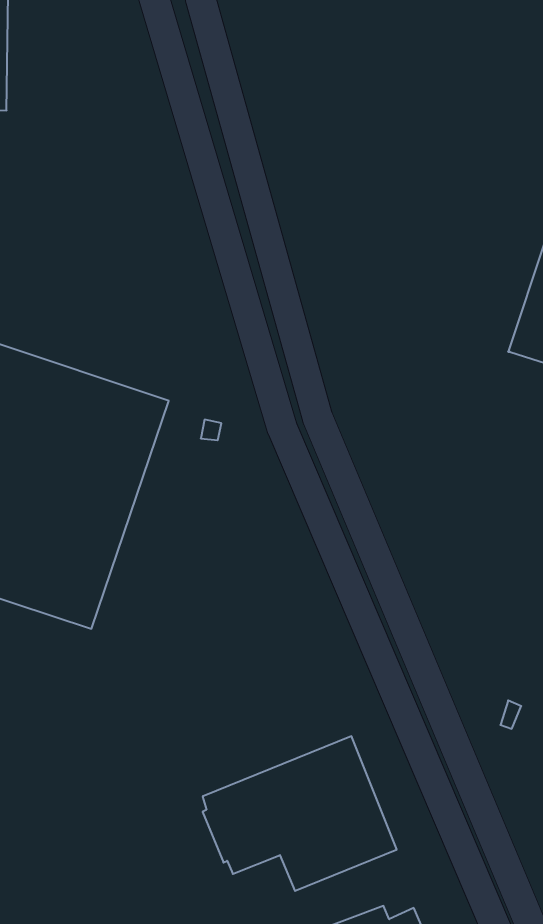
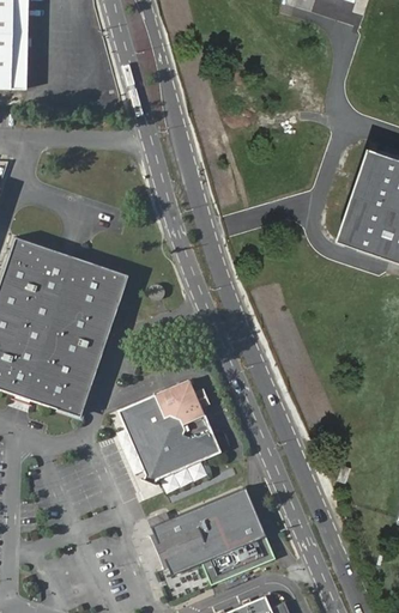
building: none -> [120,383,222,488]

